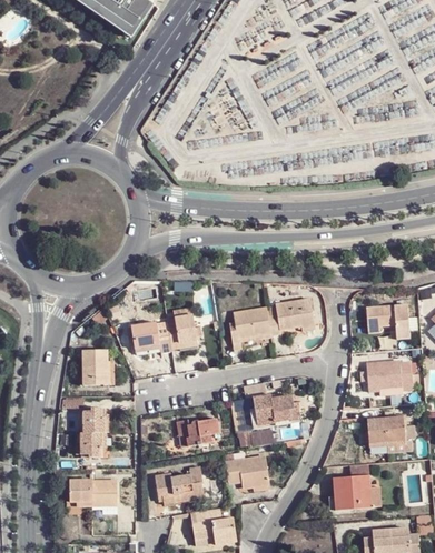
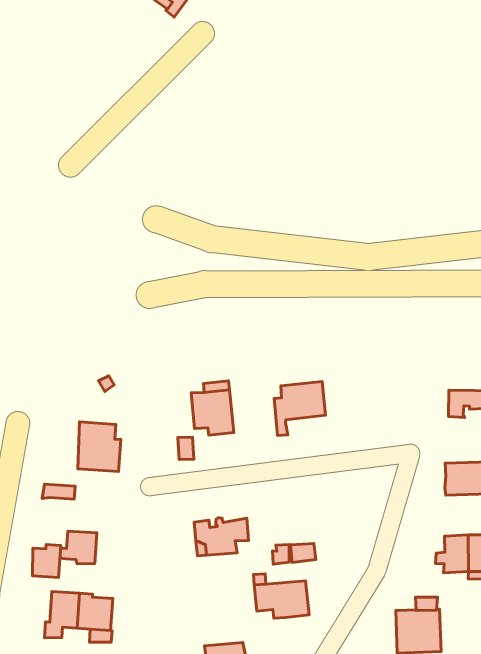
building: [267,298,316,335] -> none
building: [132,321,172,353] -> none
building: [254,393,300,424] -> none
building: [85,409,106,433] -> [32,545,61,578]
building: [152,467,204,502] -> none

